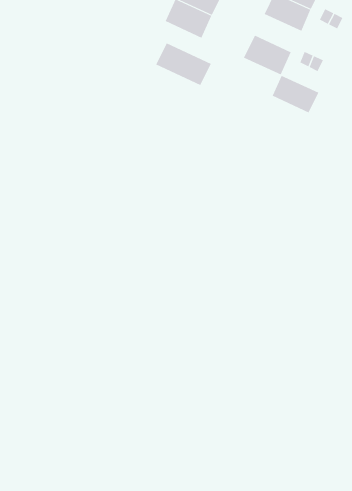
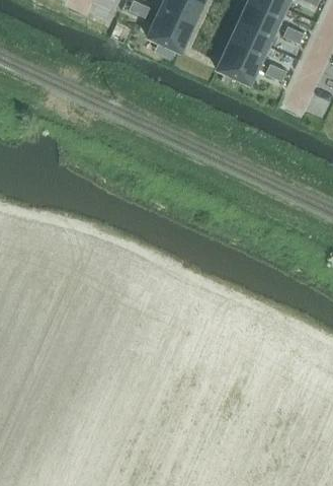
building: [155,43,211,86] -> none
building: [272,75,319,113] -> [227,31,268,65]

